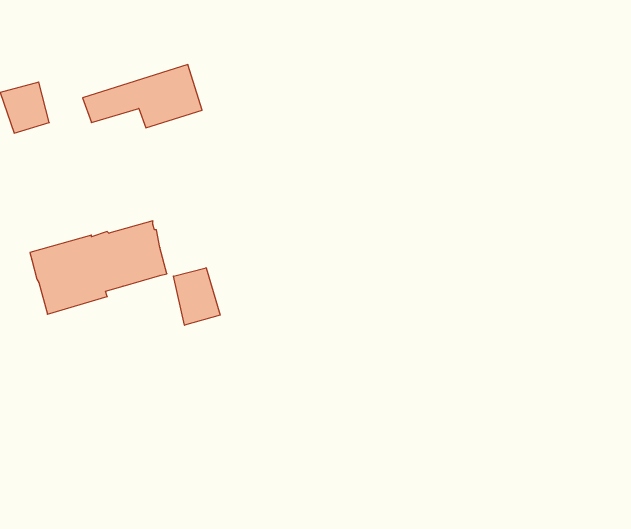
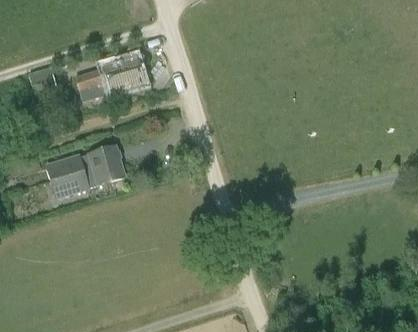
building: [173,268,220,325] -> none

